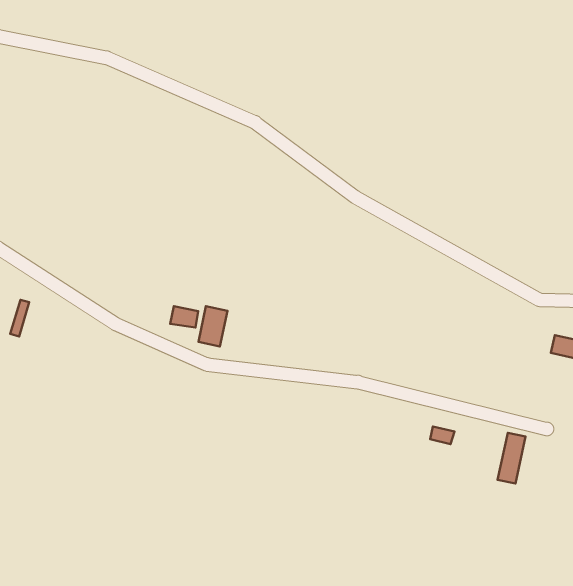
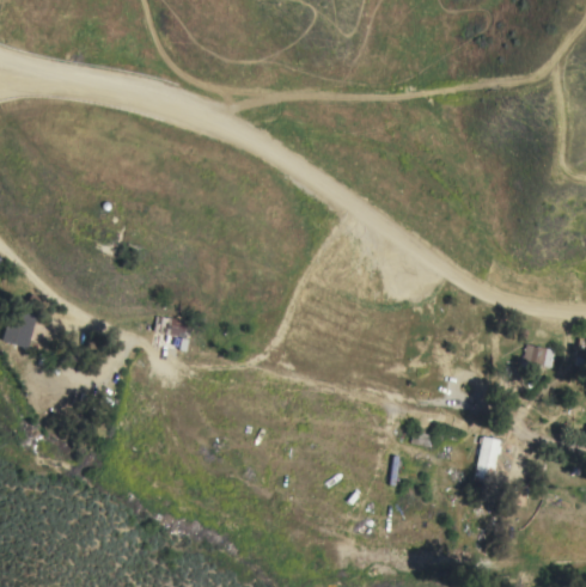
building: [198,306,227,346] -> none

